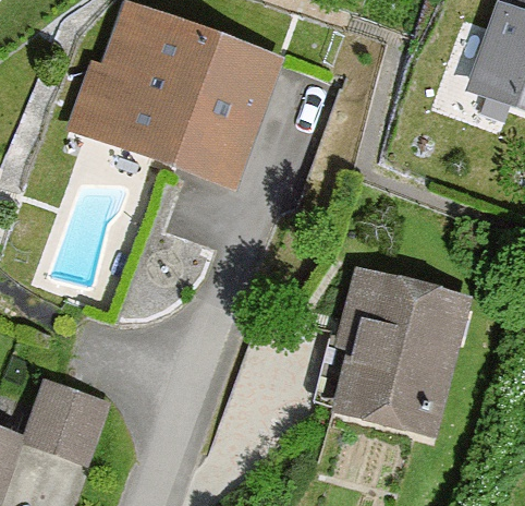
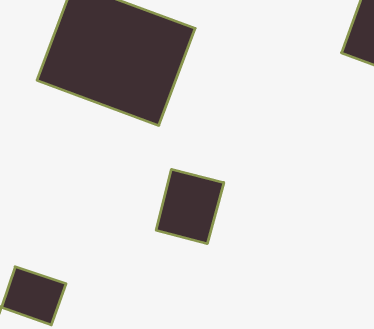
building: none -> [156,169,224,244]
building: [320,268,474,436] -> none

